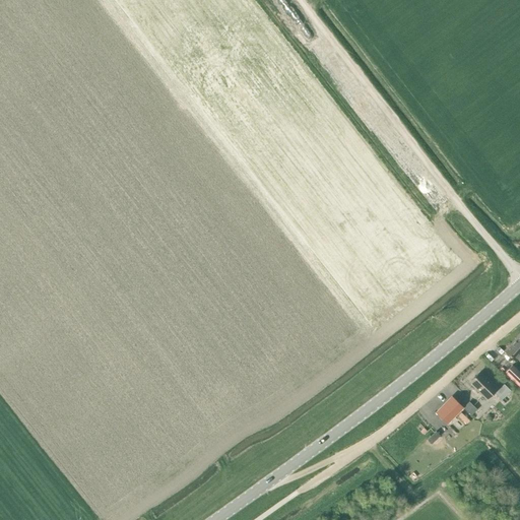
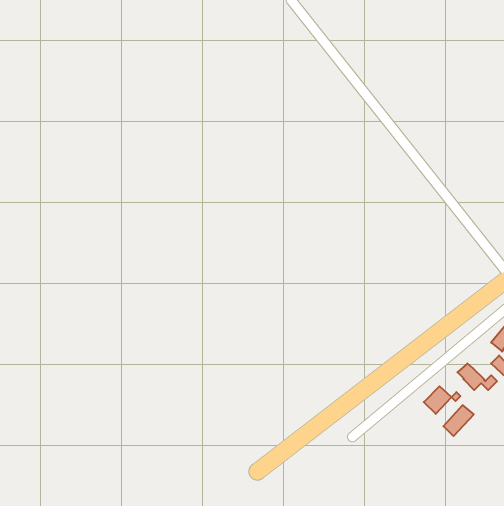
building: none -> [443,405,474,436]

